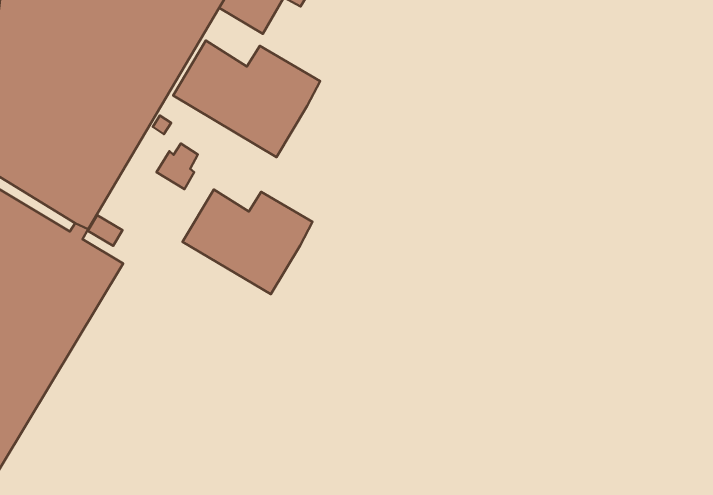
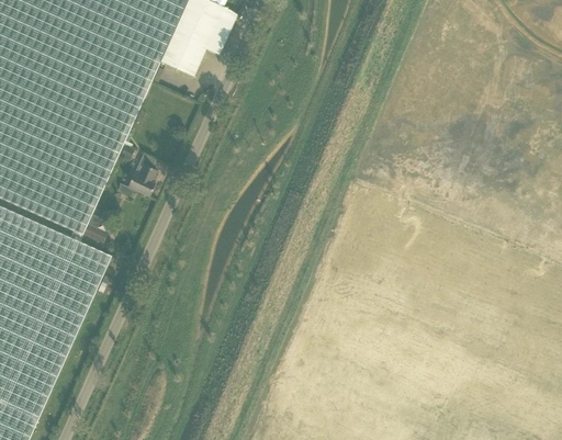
building: [173,40,320,157] -> none
building: [183,189,312,294] -> none

